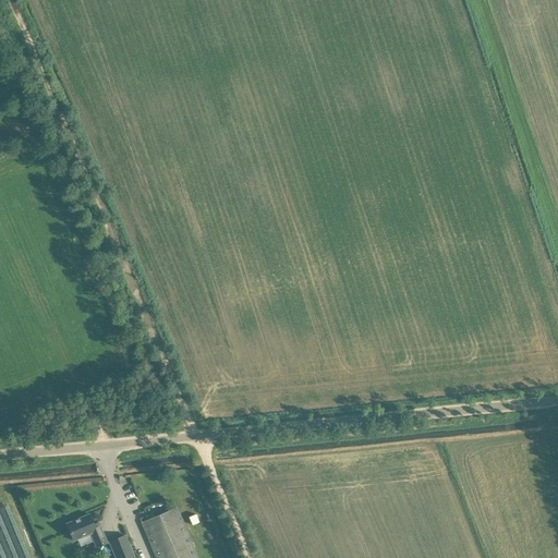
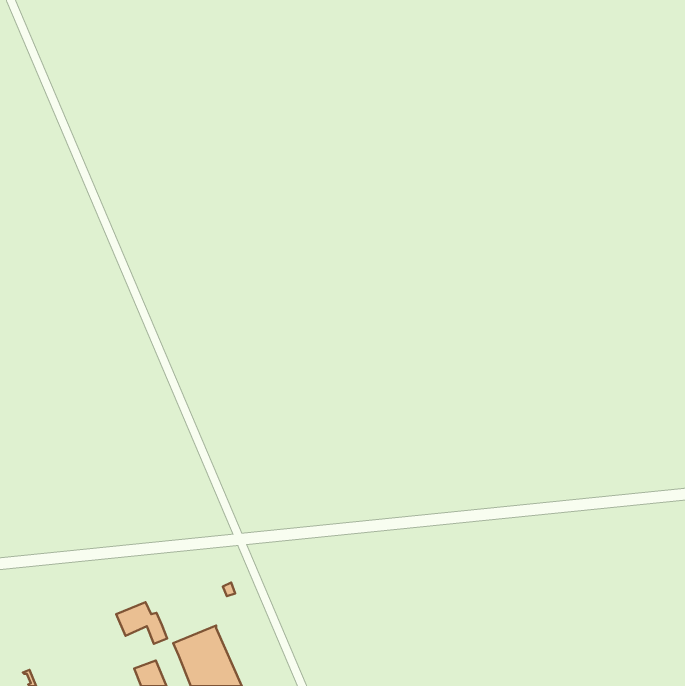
building: [64,514,106,548] -> [116,602,167,644]

